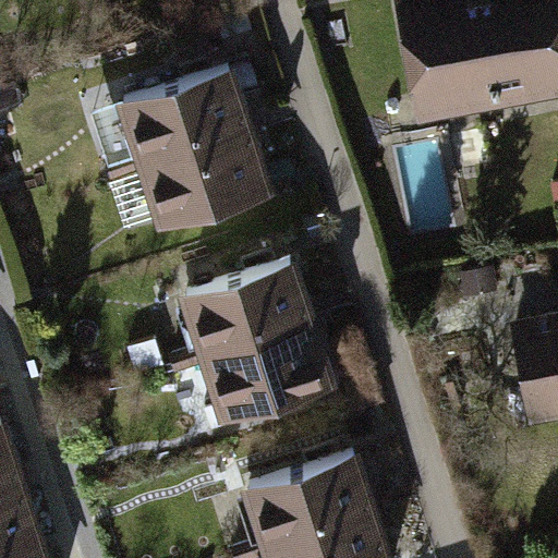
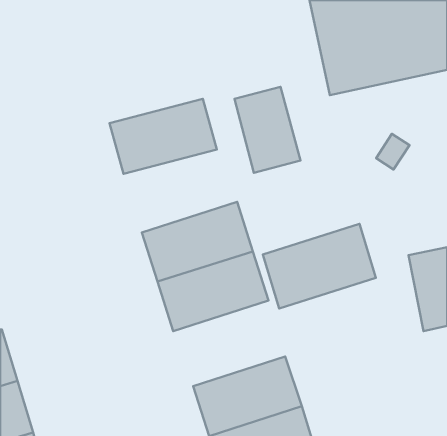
building: [120,73,253,167] -> none
building: none -> [234,87,301,173]
building: none -> [263,224,376,308]

